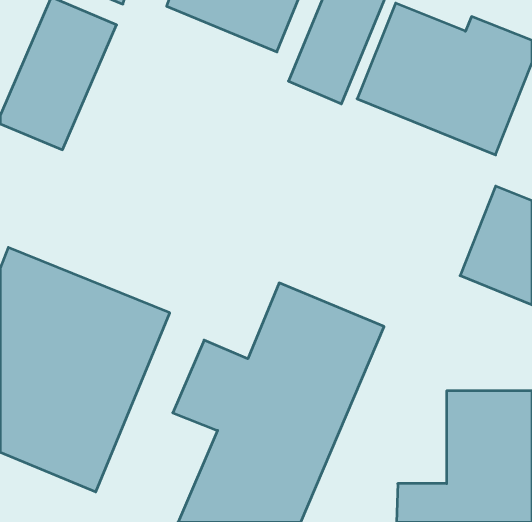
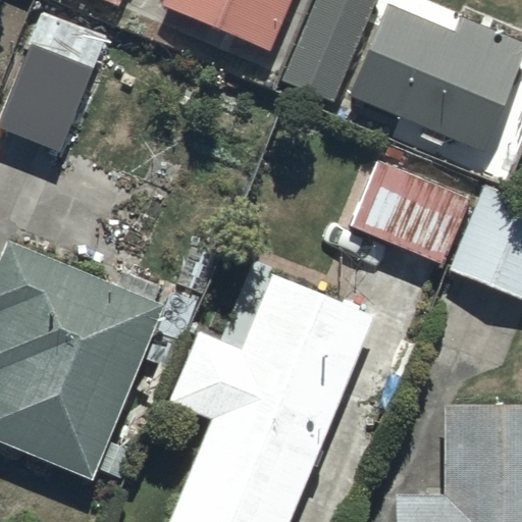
building: none -> [353,162,470,265]

